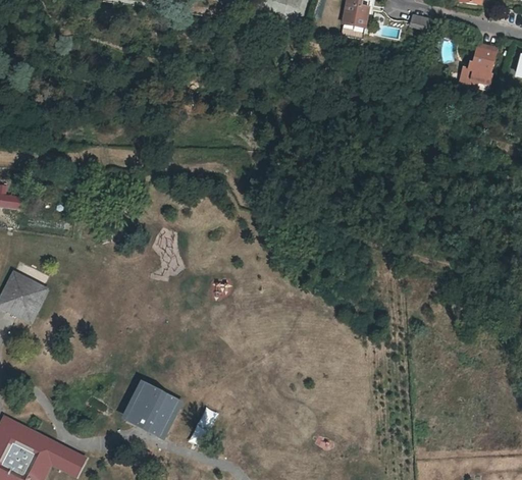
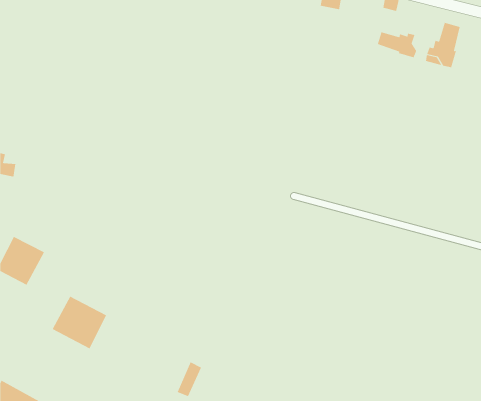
building: none -> [377,31,417,58]
building: [122,381,181,438] -> [52,296,107,349]

